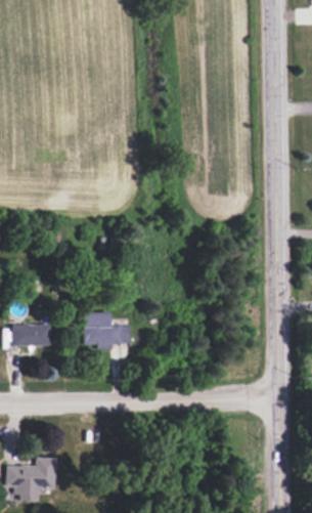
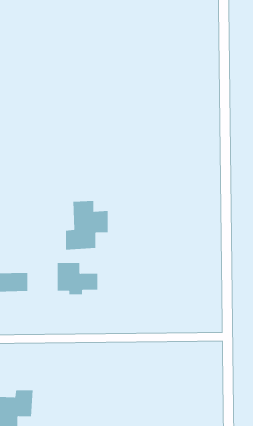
building: none -> [66,200,108,250]

